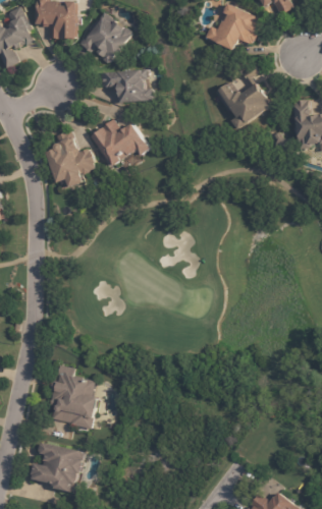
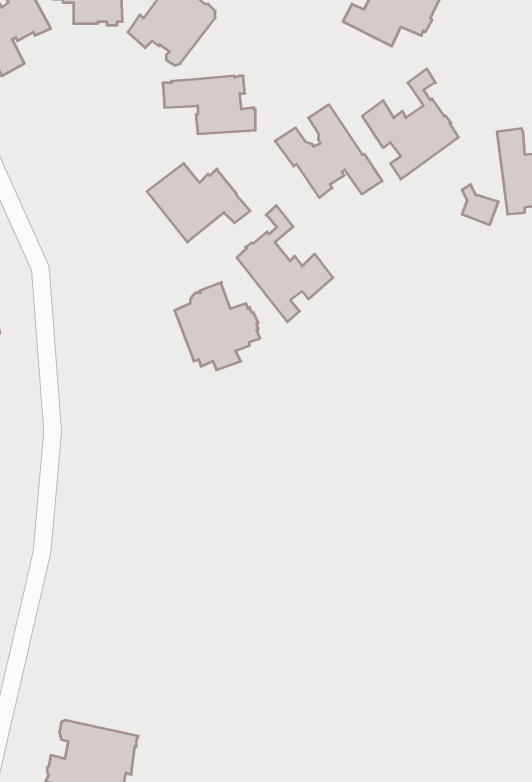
building: none -> [275,105,382,198]
building: [45,135,95,186] -> [174,282,260,370]
building: none -> [237,205,333,322]
building: [46,365,98,430] -> none

